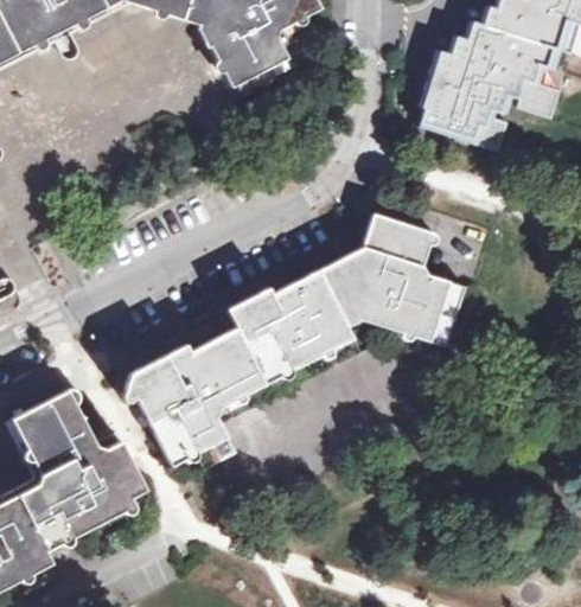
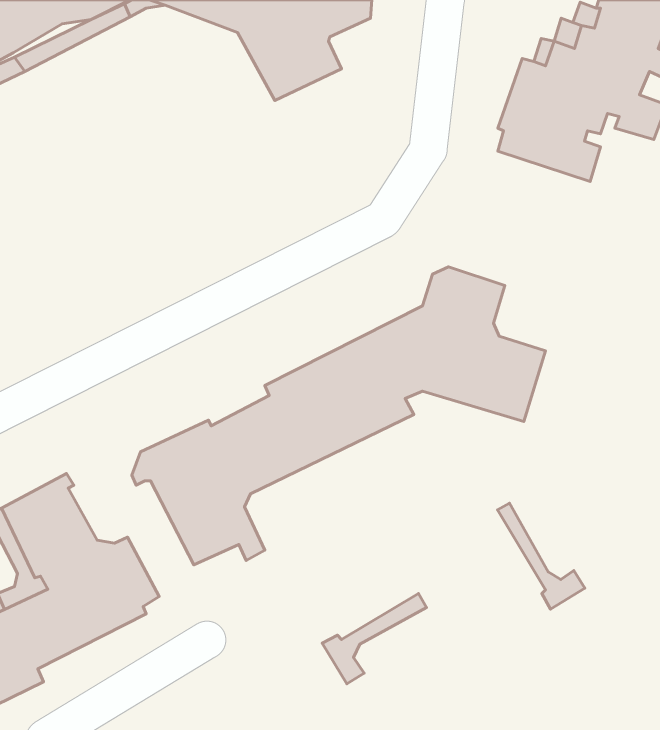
building: none -> [498,503,585,609]
building: none -> [322,593,426,684]

